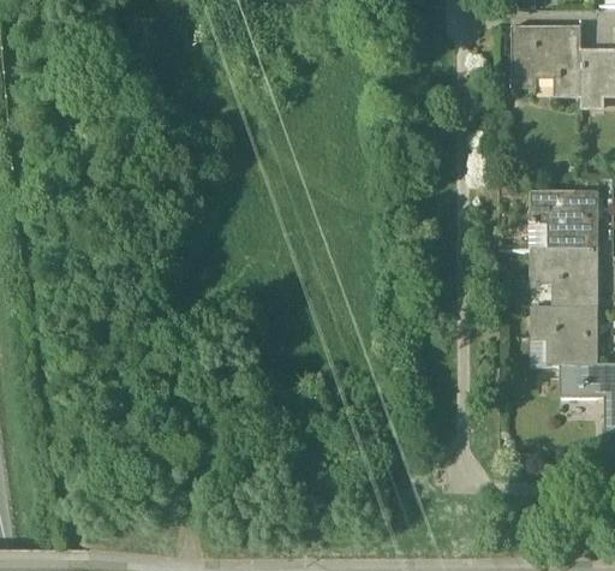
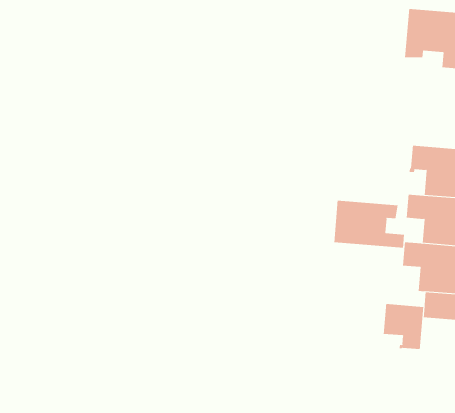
building: none -> [334,200,405,249]
building: none -> [383,303,424,350]

